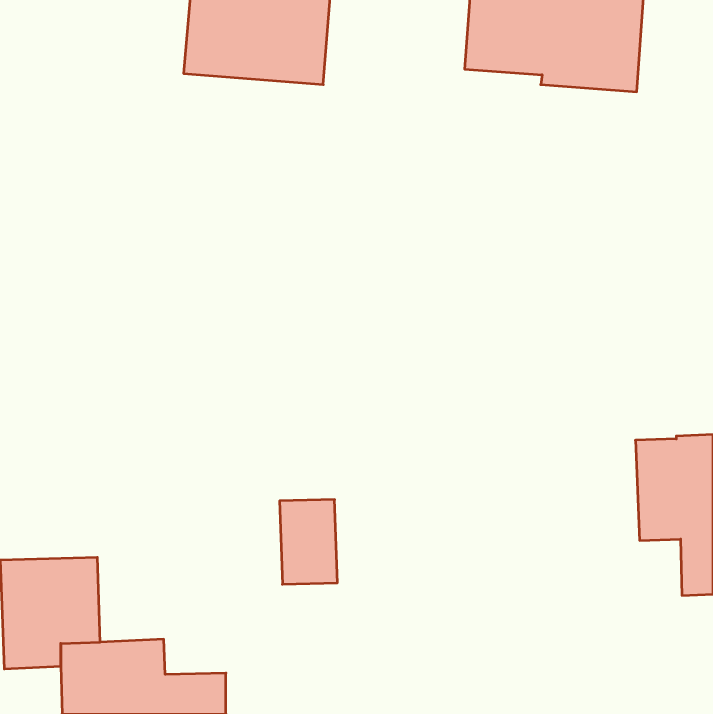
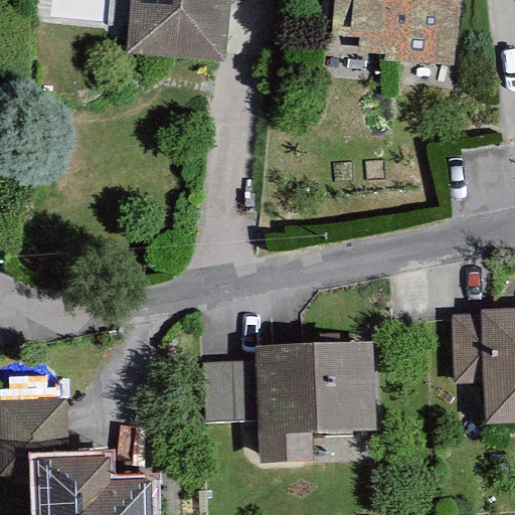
building: none -> [255,341,375,463]

